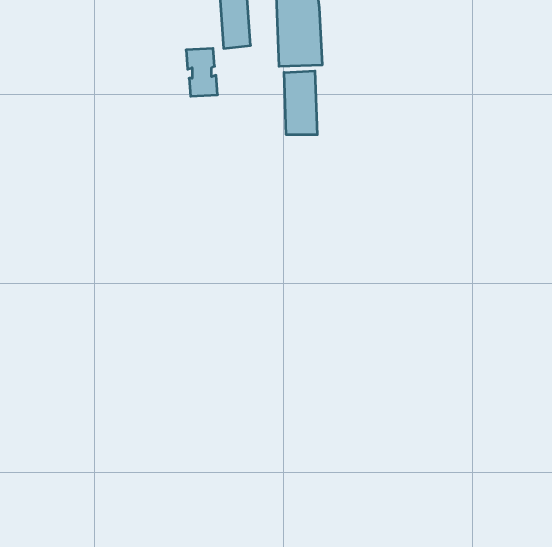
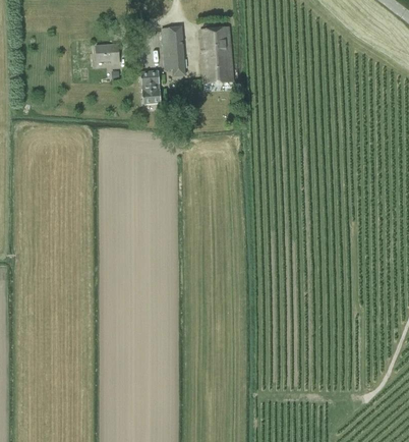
building: none -> [96,44,120,63]
building: [284,71,317,135] -> none

